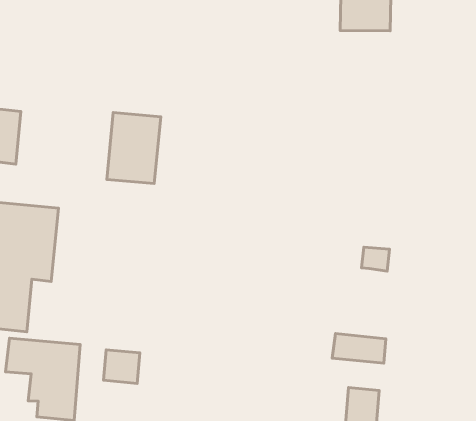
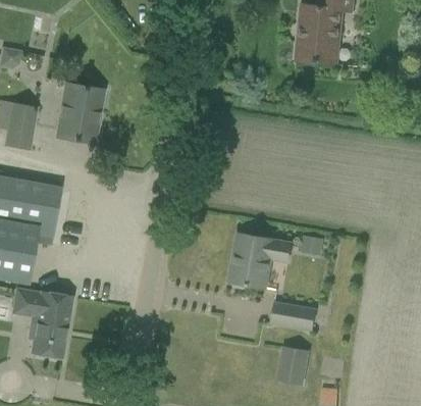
building: [107,112,161,184] -> [56,83,103,142]
building: none -> [229,233,291,288]
building: [104,350,140,383] -> none

